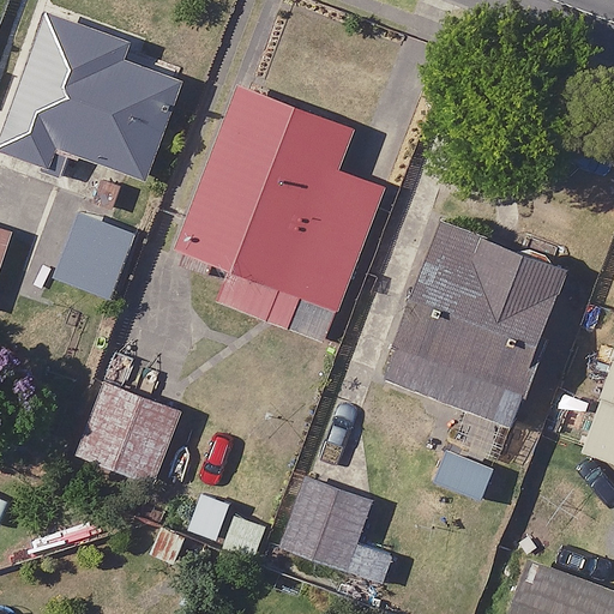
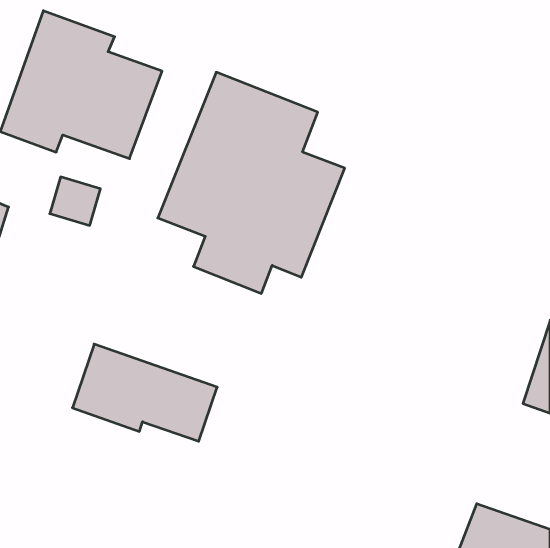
building: [381,223,567,465] -> none
building: [279,477,392,583] -> none

